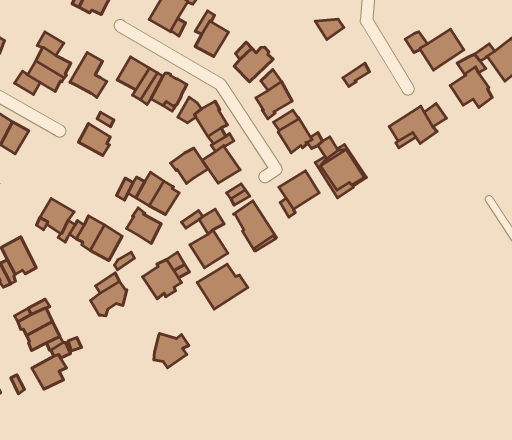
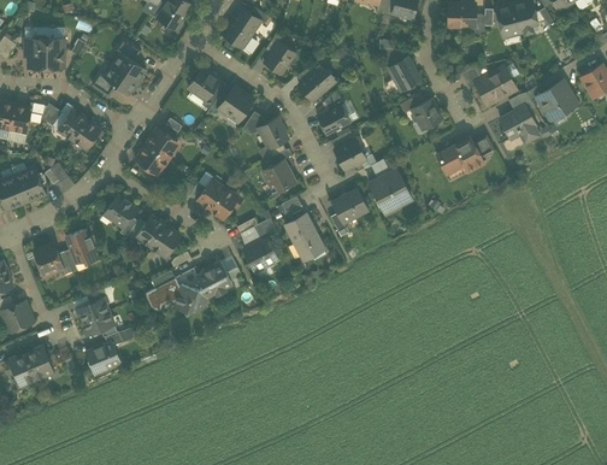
building: none -> [388,57,420,92]
building: [70,53,107,98] -> none
building: none -> [411,98,442,129]
building: none -> [135,145,169,175]
building: [170,148,208,183] -> none
building: [127,208,161,243] -> none
building: [197,264,248,309] -> none
building: [154,334,189,368] -> [175,284,208,317]

